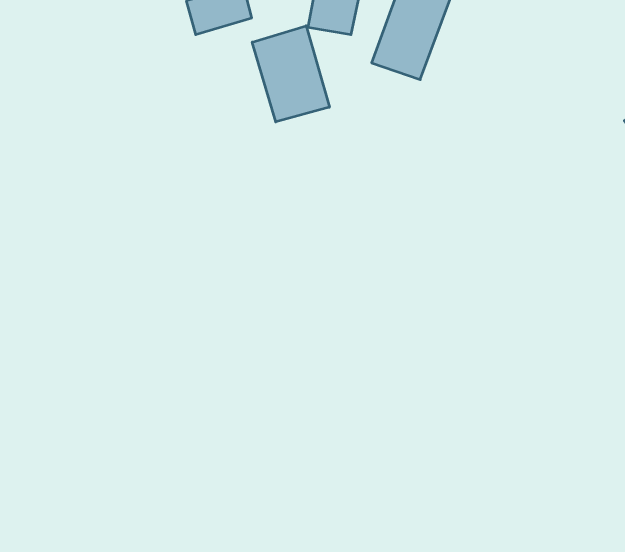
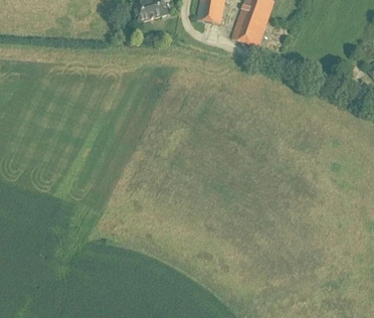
building: [252,26,329,122] -> none

